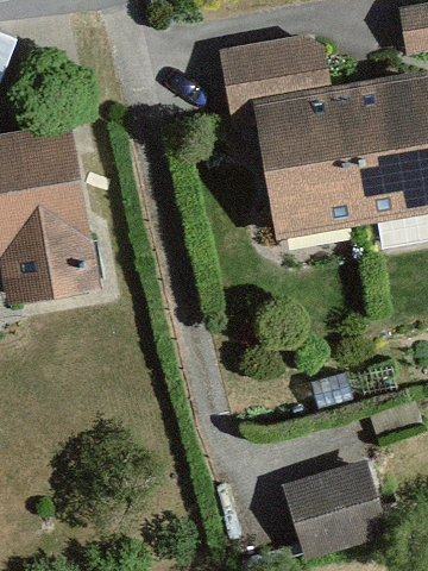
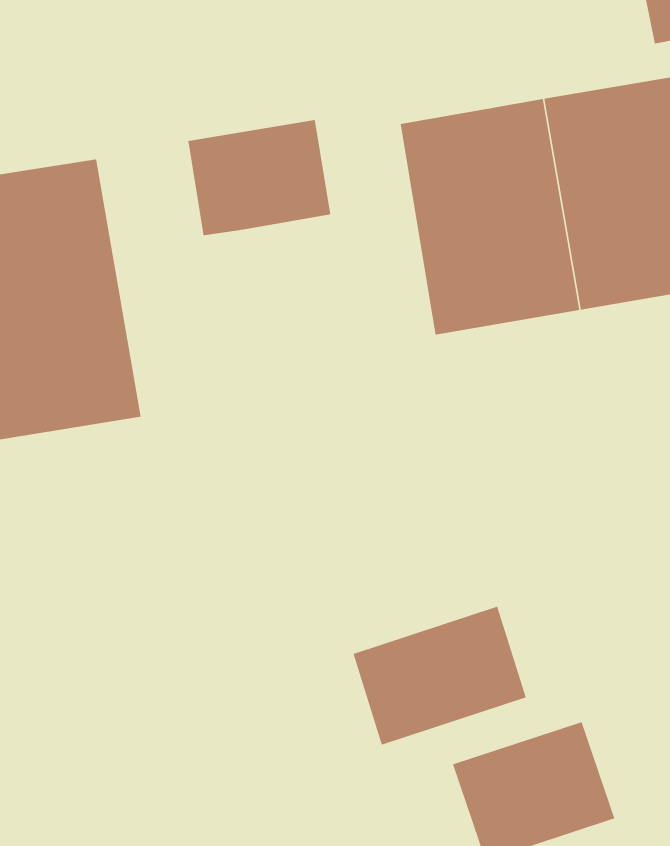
building: [221,37,309,108] -> [187,119,331,236]
building: none -> [353,606,526,745]

